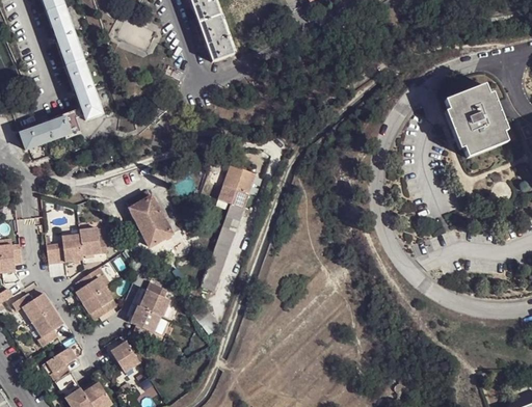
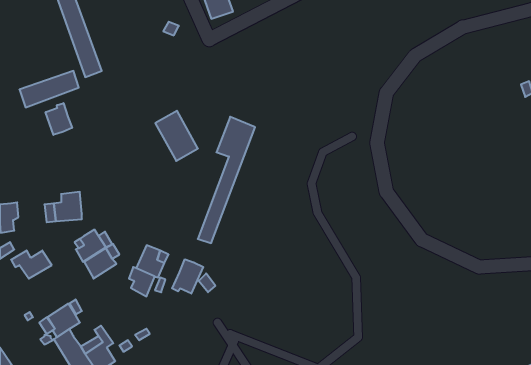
building: [445,82,508,156] -> none
building: none -> [46,103,72,135]
building: [130,196,172,246] -> [155,111,198,161]
building: [81,227,103,255] -> none
building: none -> [172,259,203,294]
building: [30,306,62,345] -> none
building: [112,341,141,371] -> none

